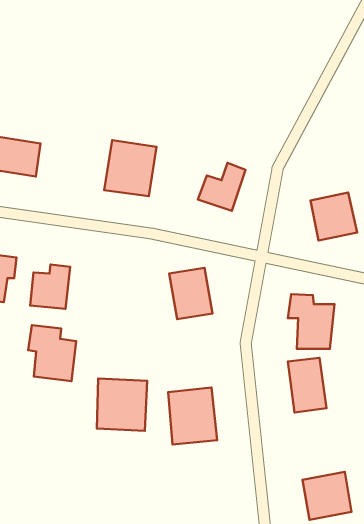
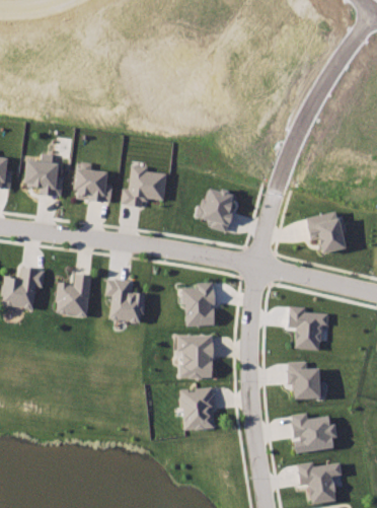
building: none -> [71,170,112,206]
building: [28,325,76,381] -> [104,278,147,328]
building: [97,378,147,431] -> [174,333,219,379]
building: none -> [290,407,336,457]

